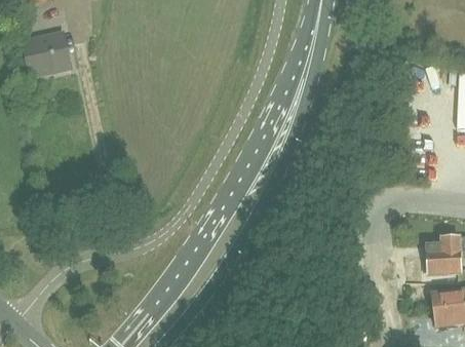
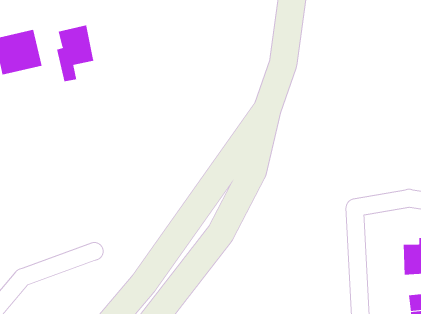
building: none -> [57,24,94,82]

